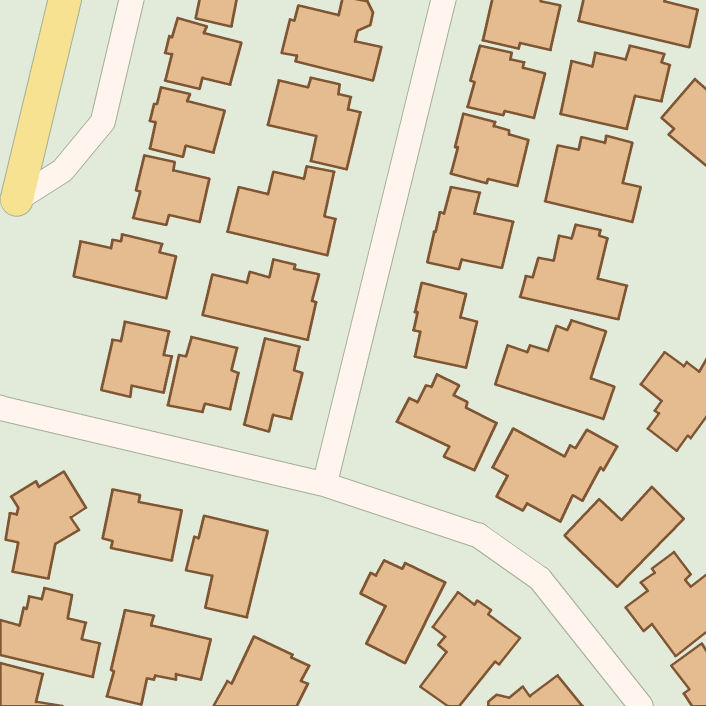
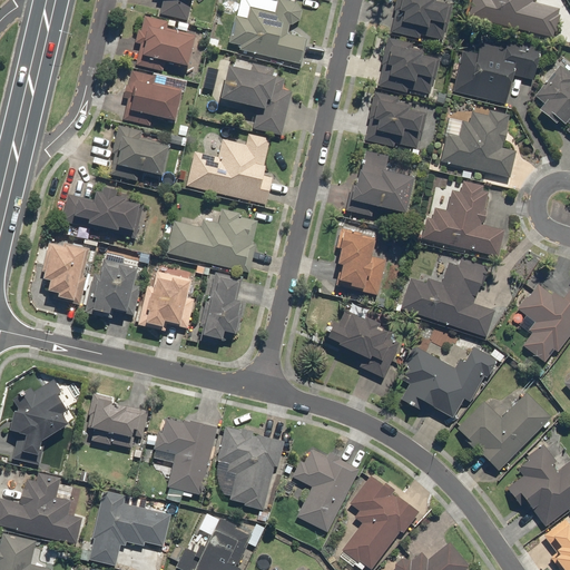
building: none -> [40,243,90,305]
building: none -> [217,424,284,510]

